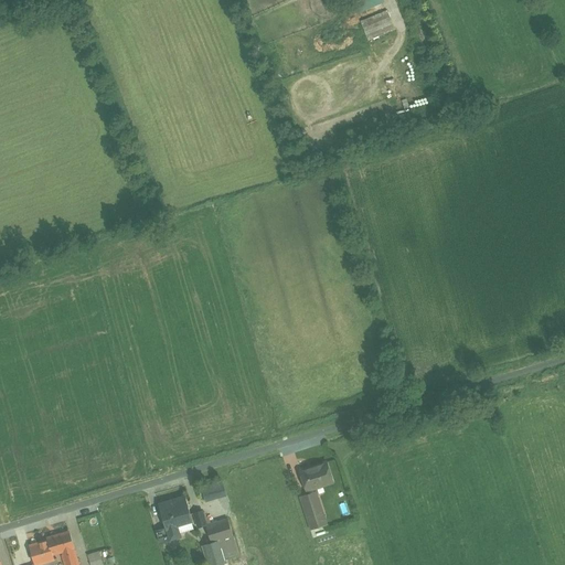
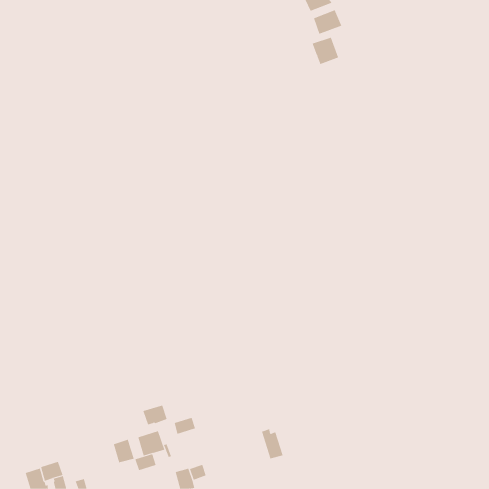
building: none -> [312,37,339,65]
building: [300,463,331,490] -> none
building: none -> [113,439,134,463]
building: [204,518,233,541] -> [143,405,168,425]

